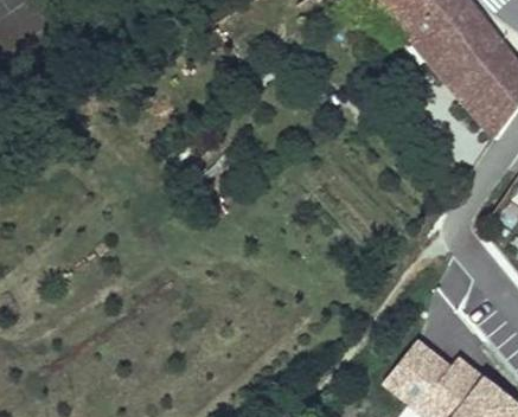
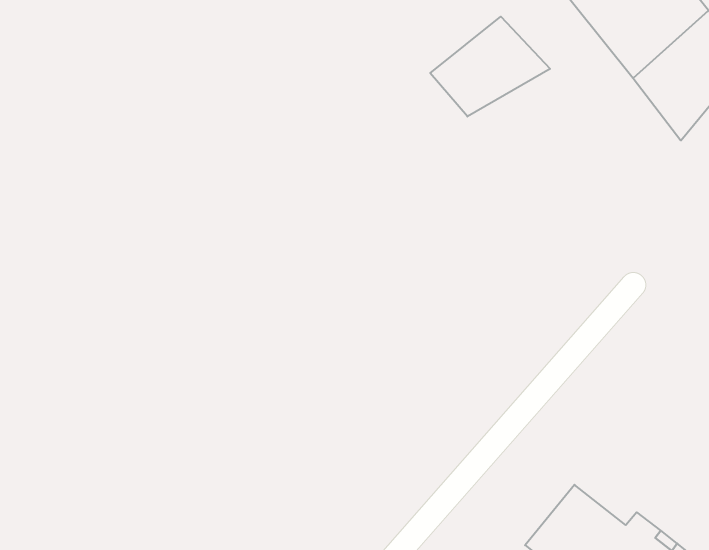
building: none -> [430,17,550,117]

